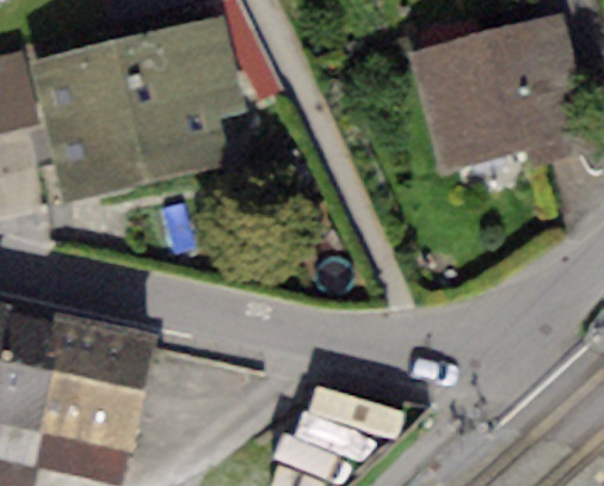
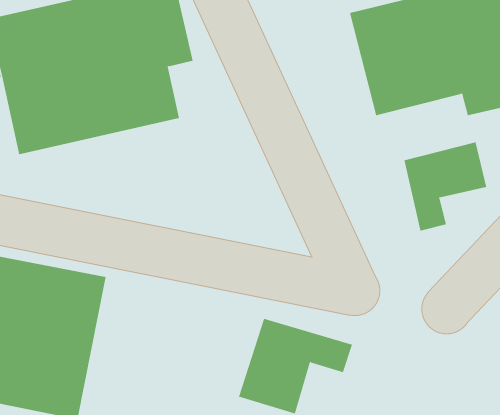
building: none -> [404,142,487,231]

